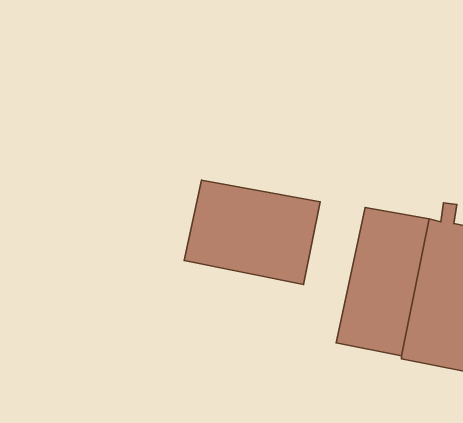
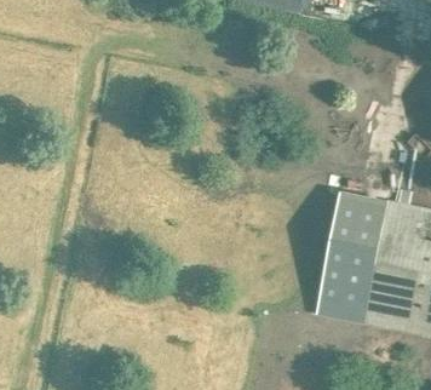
building: [184,180,320,285] -> none

